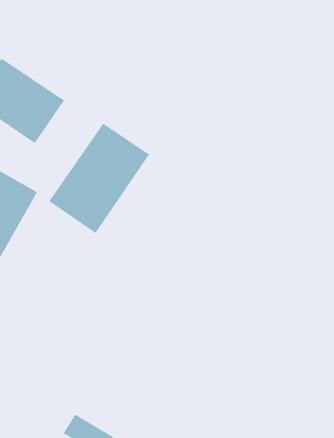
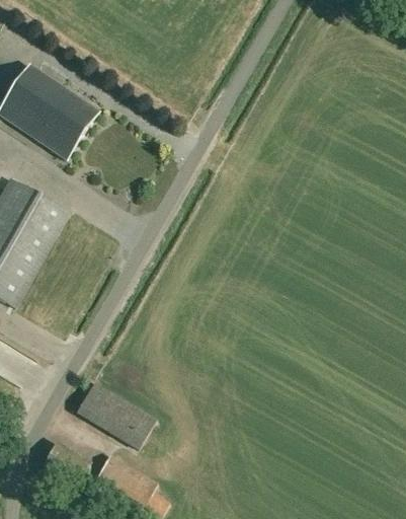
building: [49,123,150,234] -> none
building: none -> [75,382,154,448]

